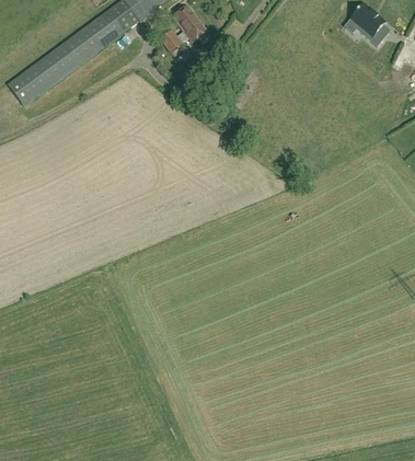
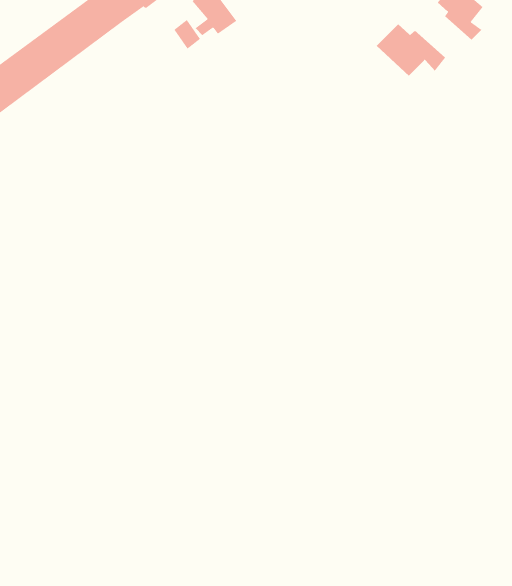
building: none -> [376,23,446,77]

